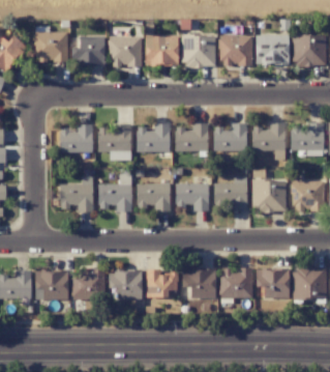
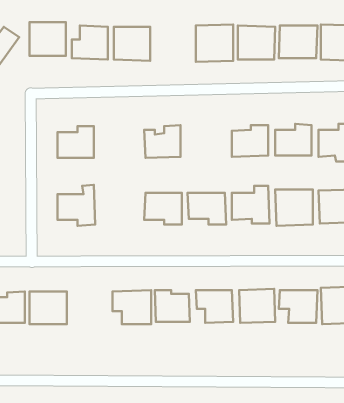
building: [145,36,179,65] -> none
building: [175,123,208,151] -> none
building: [98,124,130,152] -> none
building: [98,174,131,212] -> none
building: [72,270,106,299] -> none

